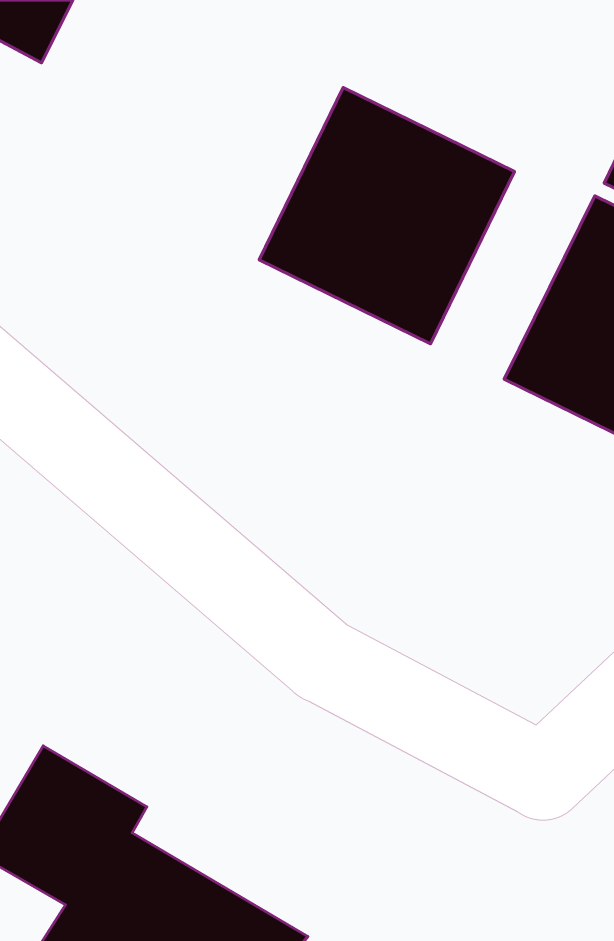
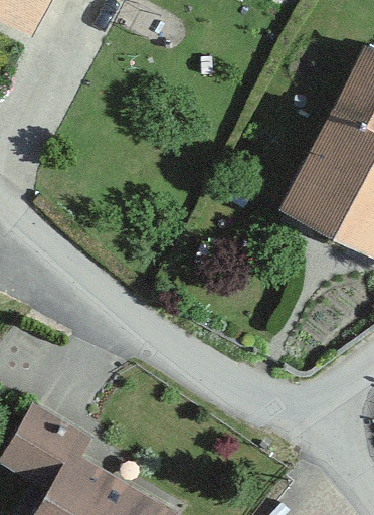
building: [259,87,514,344] -> none

